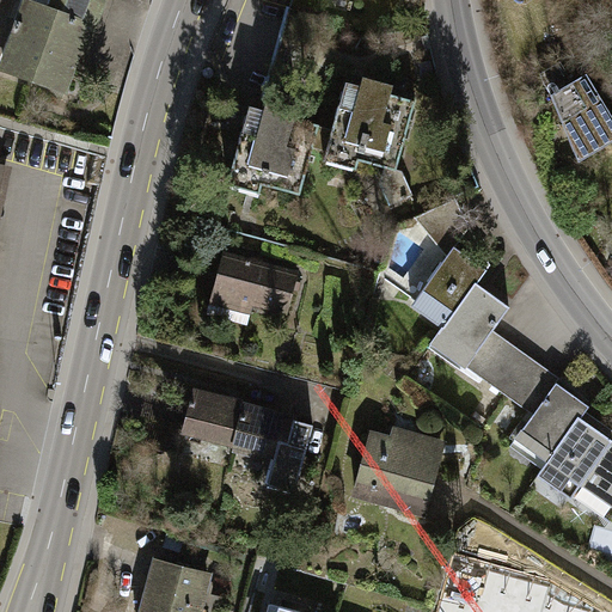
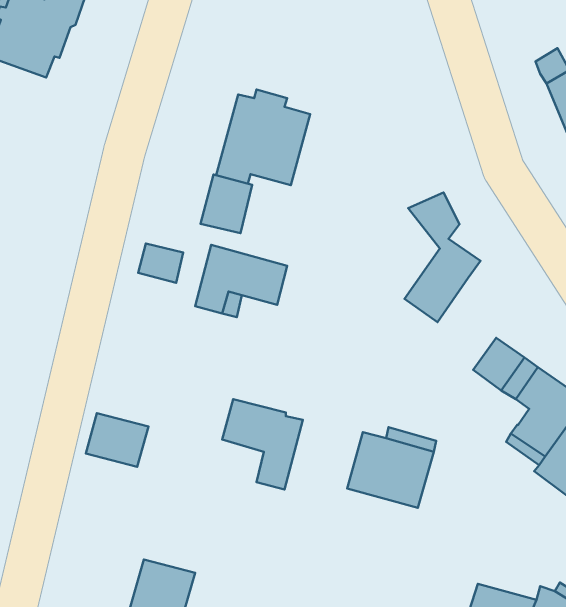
building: [313,78,414,204] -> none
building: none -> [201,175,252,233]
building: none -> [138,244,183,283]
building: [436,286,507,375] -> none
building: [183,391,244,443] -> [86,413,148,467]

